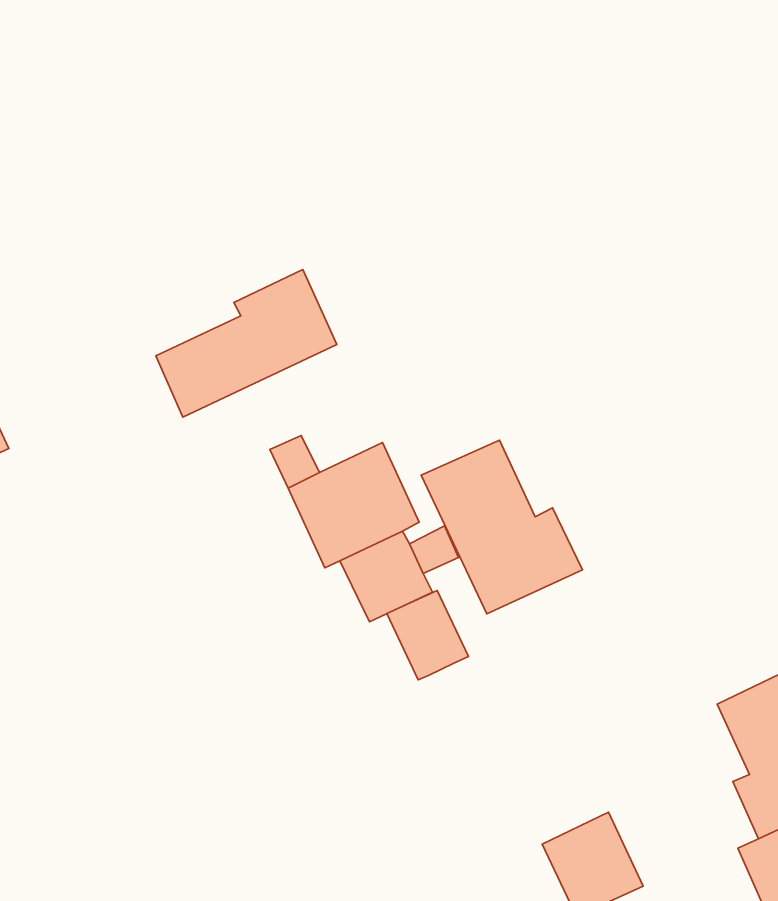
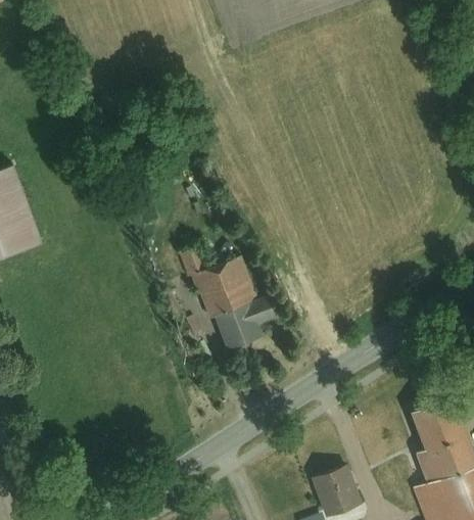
building: [156,270,337,417] -> none
building: [421,440,583,614] -> none
building: [387,591,469,680] -> none

